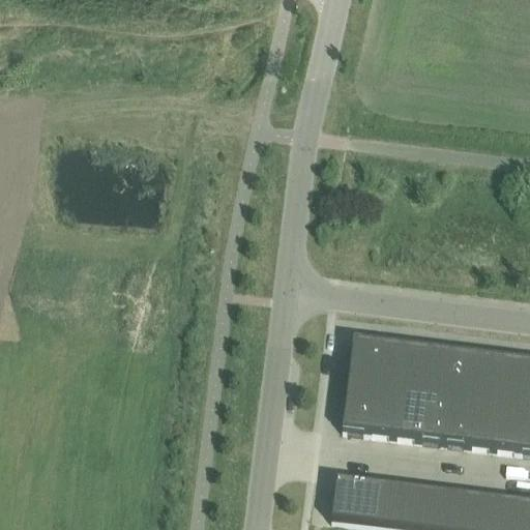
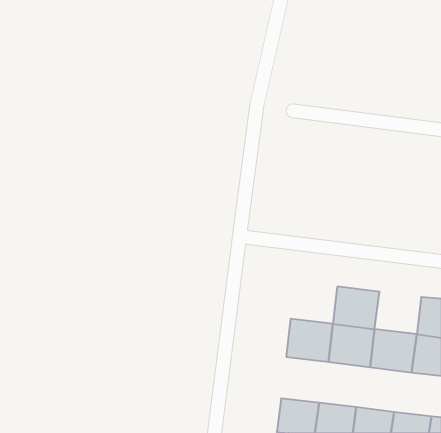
building: [349,336,405,387] -> none
building: [449,349,505,400] -> none

